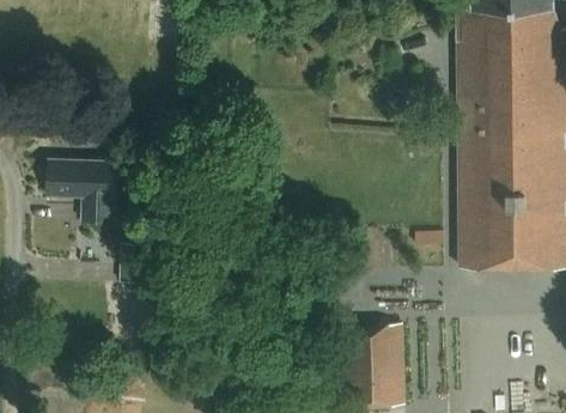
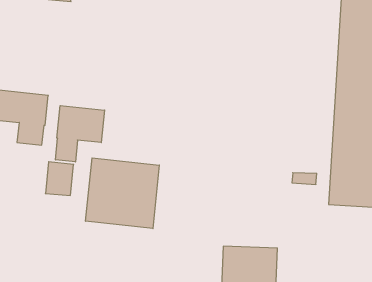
building: none -> [56,106,105,162]
building: none -> [86,158,159,229]

